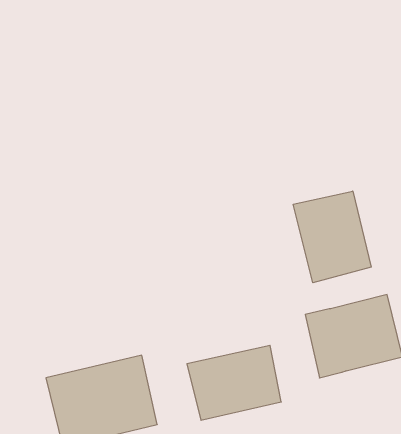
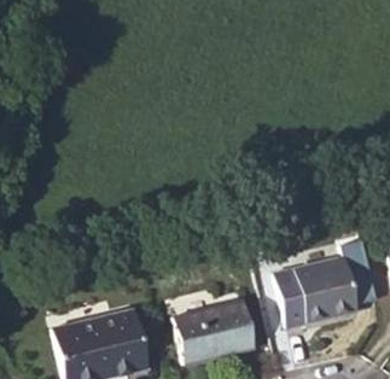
building: [293,191,371,283] -> none

